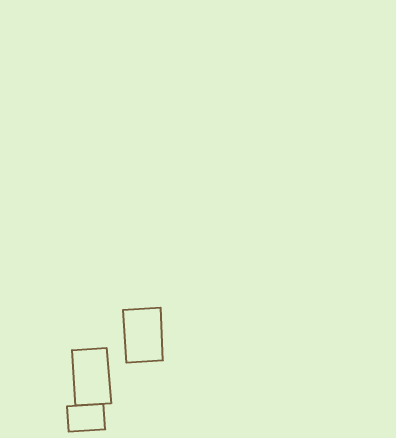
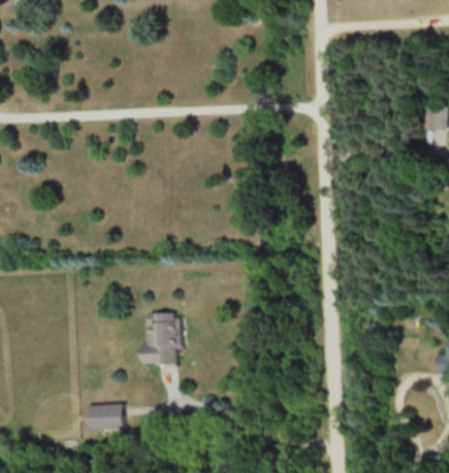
building: [72,348,111,406] -> none

